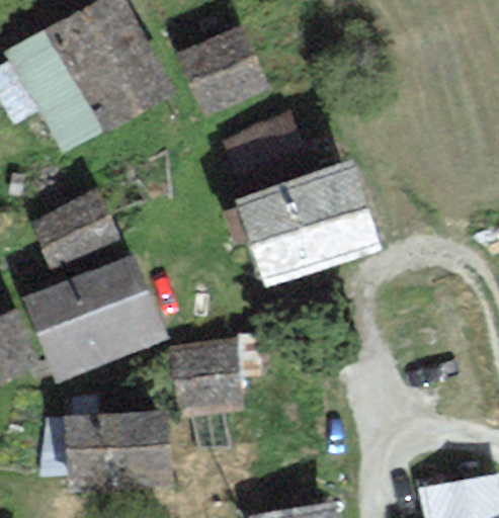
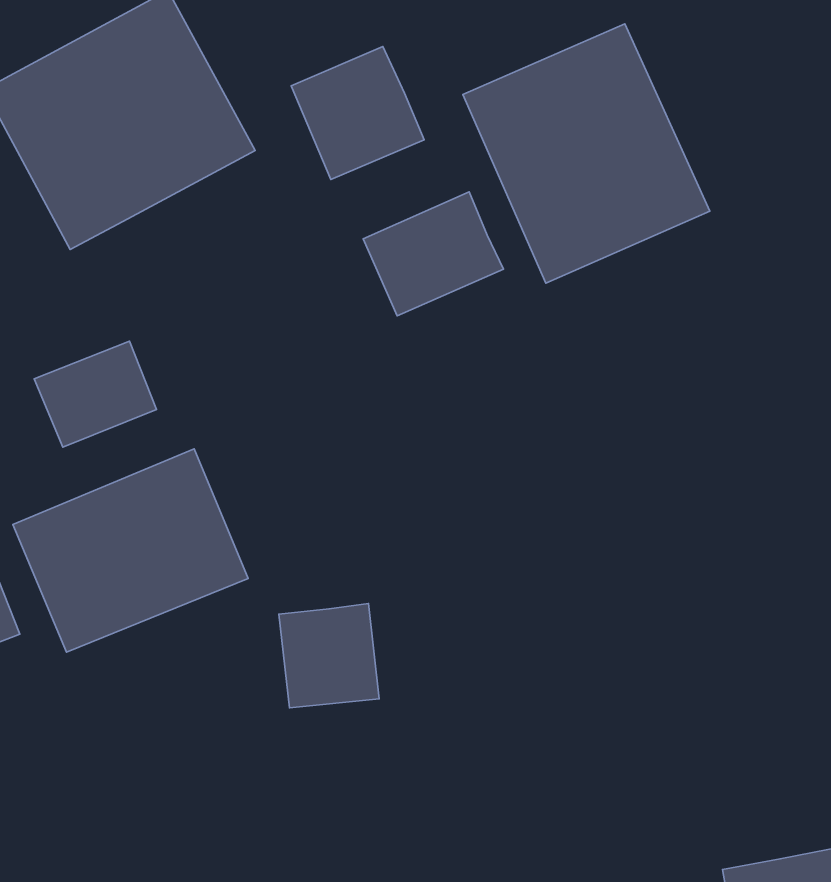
building: none -> [463,24,710,283]
building: [240,163,369,272] -> none
building: [71,421,161,474] -> none

